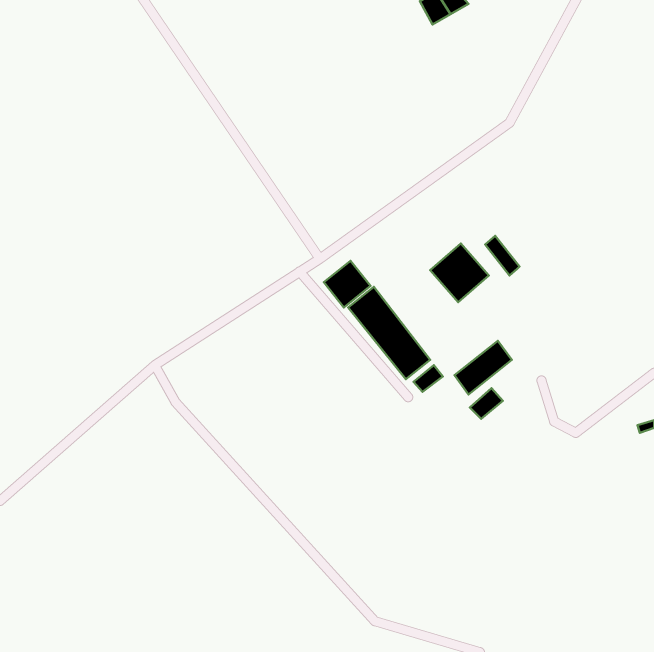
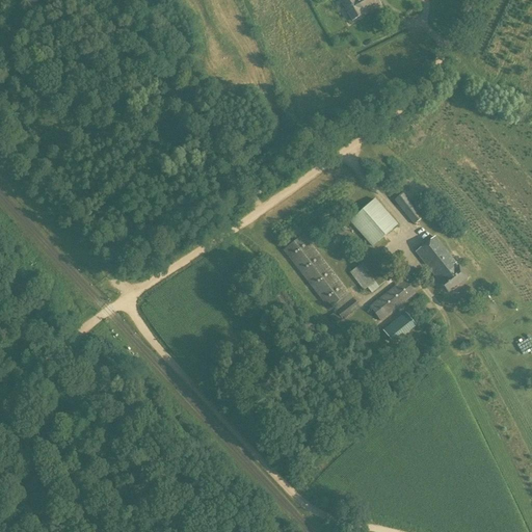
building: [324,261,371,307] -> none
building: none -> [416,236,467,291]
building: none -> [349,262,378,291]

